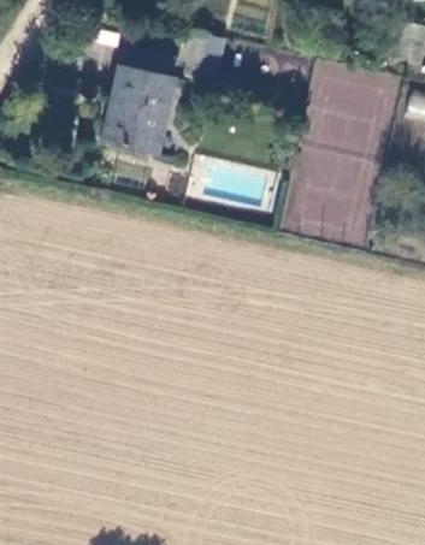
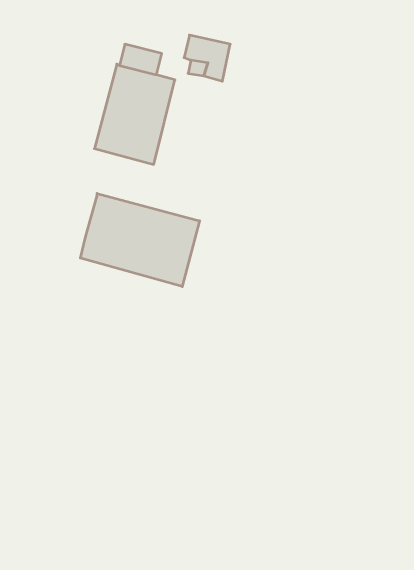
building: none -> [80,193,200,287]

